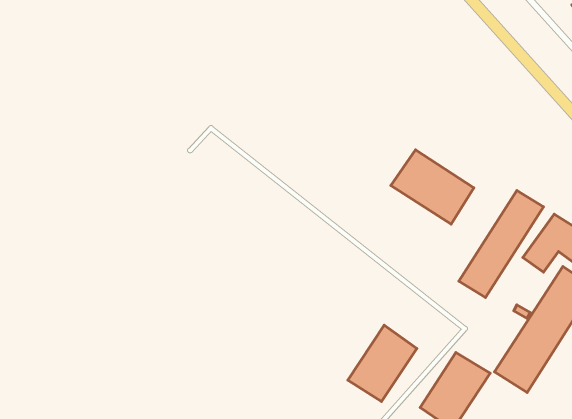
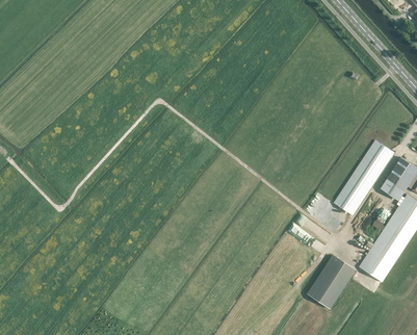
building: [391,150,474,224] -> none
building: [348,325,417,401] -> none

